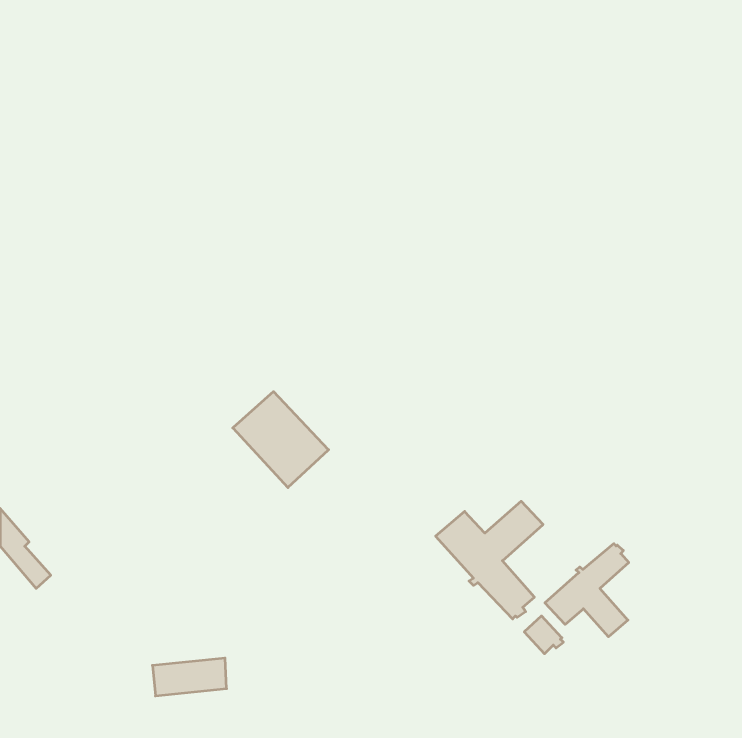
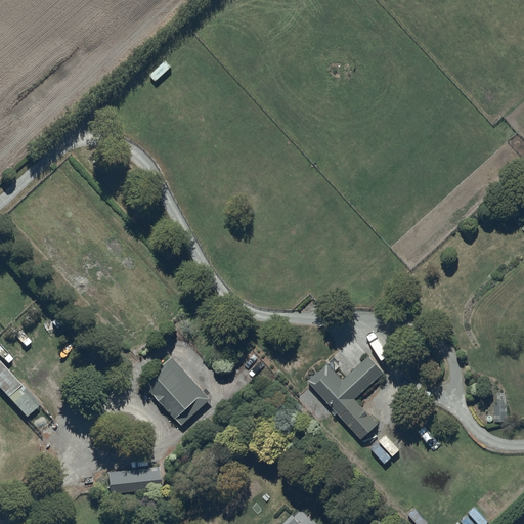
building: [233,392,329,488] -> [143,357,211,425]
building: [545,544,629,637] -> none

